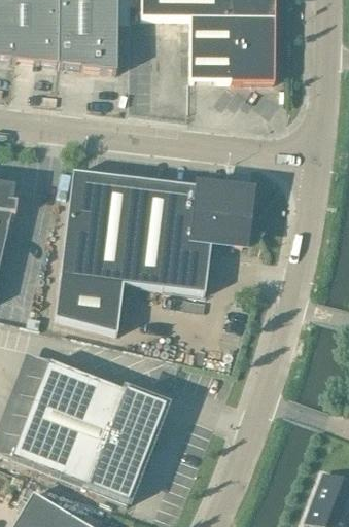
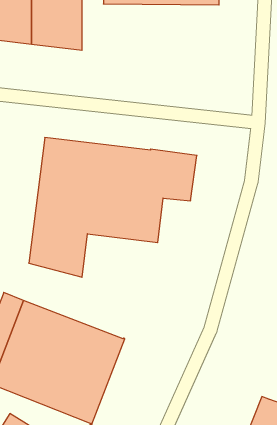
building: [190,16,276,81] -> none

